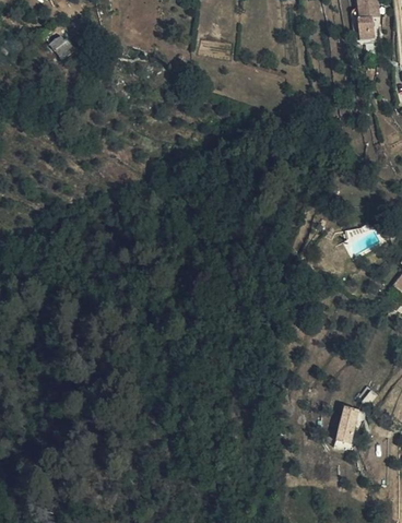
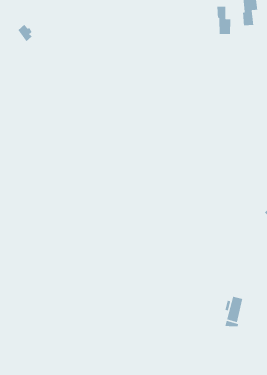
building: none -> [216,6,231,35]

